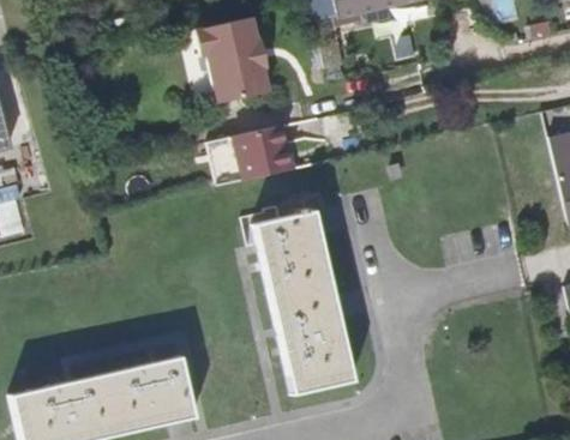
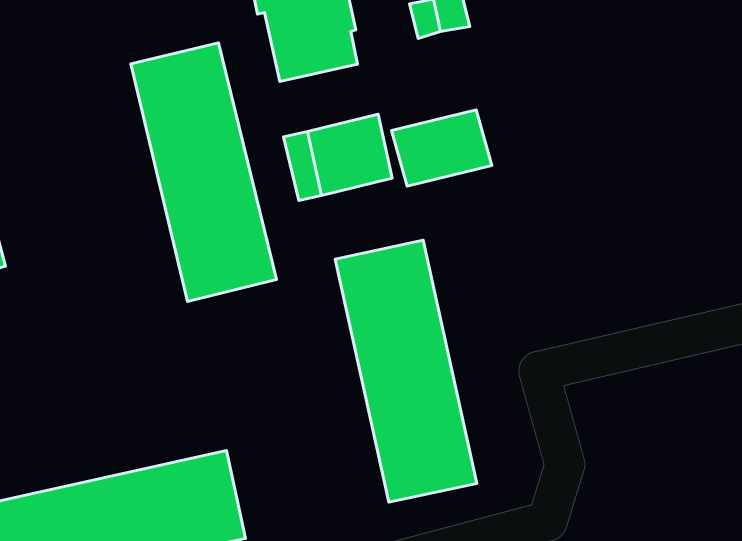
building: none -> [131,43,277,301]
building: none -> [391,110,492,186]

